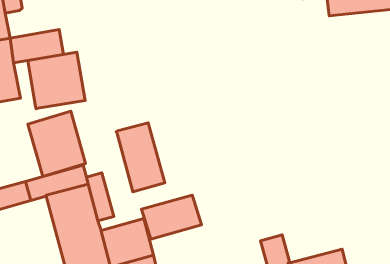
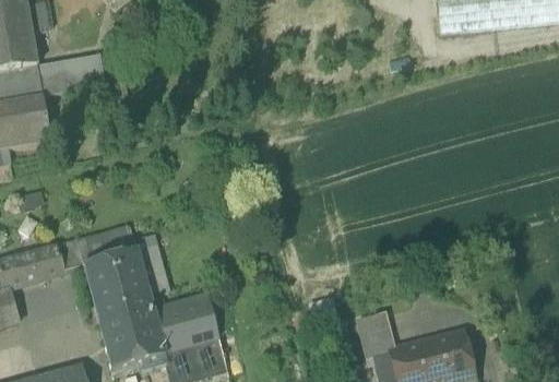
building: [28,52,85,109] -> none
building: [28,111,86,177] -> none
building: [116,123,165,192] -> none
building: [142,195,202,239] -> none

